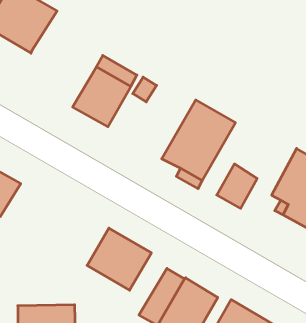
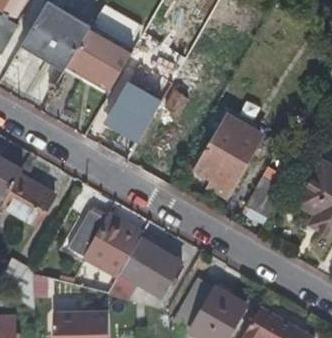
building: none -> [67,25,134,90]
building: none -> [68,207,144,274]

